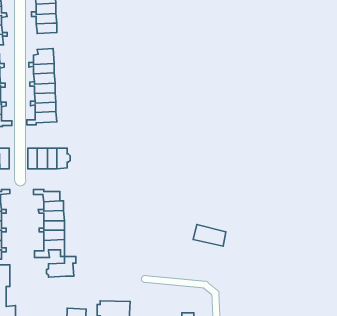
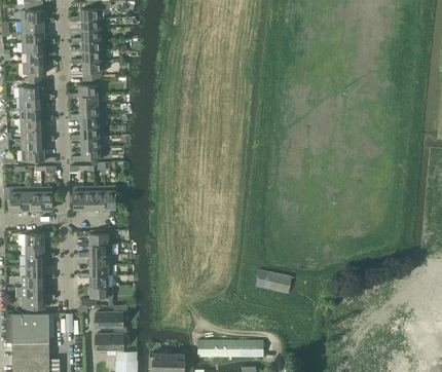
building: none -> [77,60,105,79]
building: none -> [95,327,130,352]
building: none -> [197,341,263,358]

